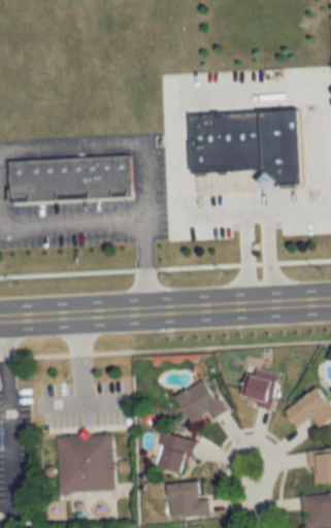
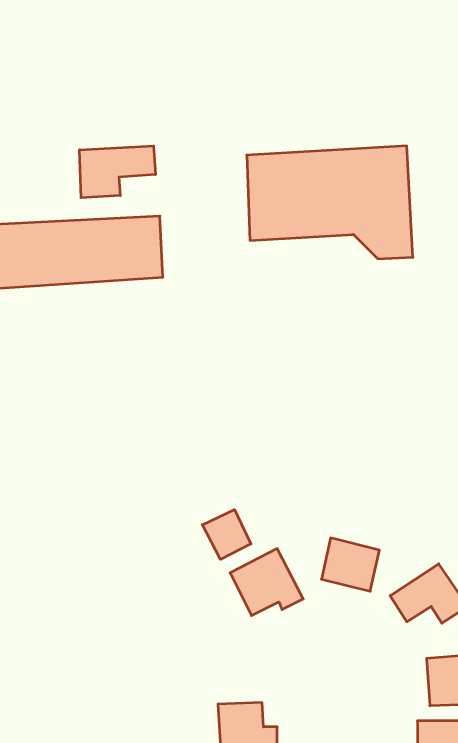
building: none -> [80,146,155,198]
building: none -> [202,510,251,559]
building: [152,432,191,475] -> none
building: [56,435,112,492] -> none

